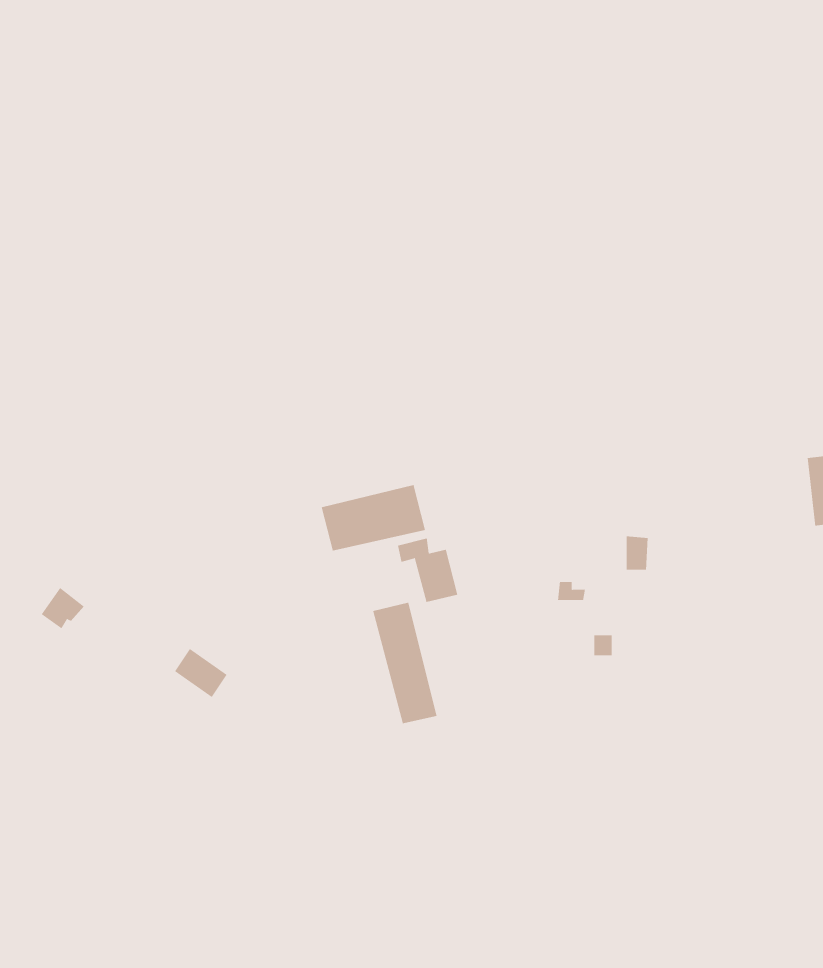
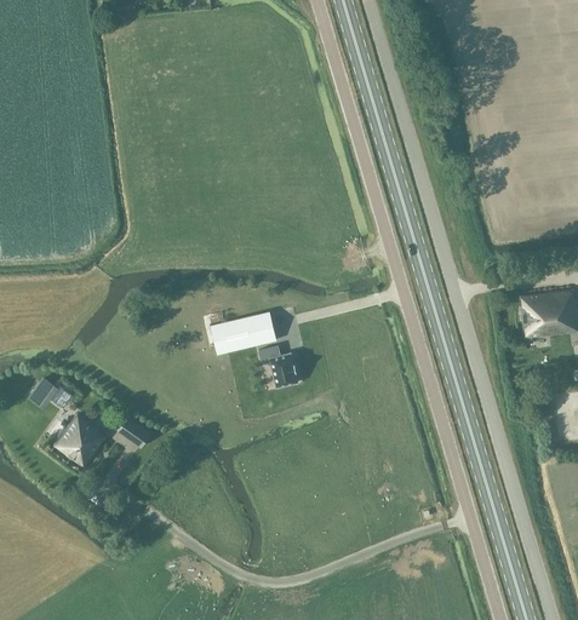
building: [372,602,437,724] -> none
building: none -> [55,413,107,465]

